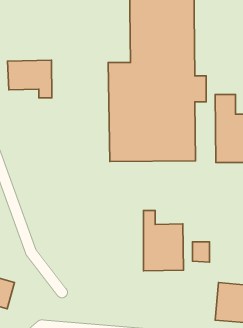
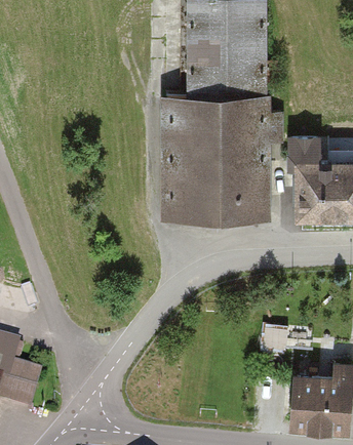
building: [8,60,52,98] -> none
building: [143,211,184,271] -> none

